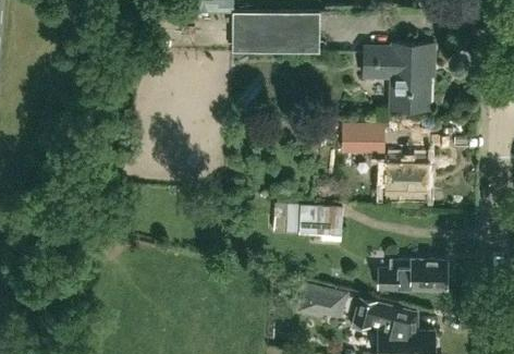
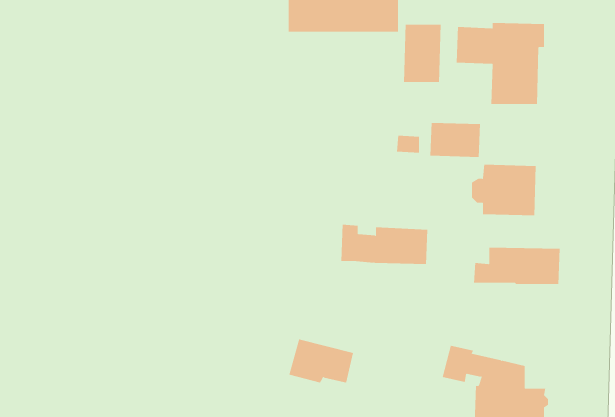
building: none -> [404,24,441,83]
building: [378,259,446,289] -> [473,247,561,285]
building: [296,283,347,318] -> [289,339,354,383]

